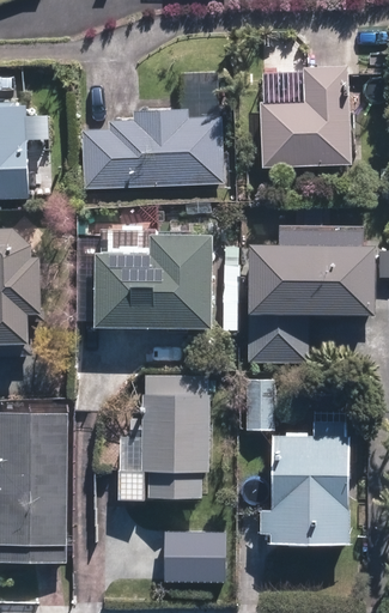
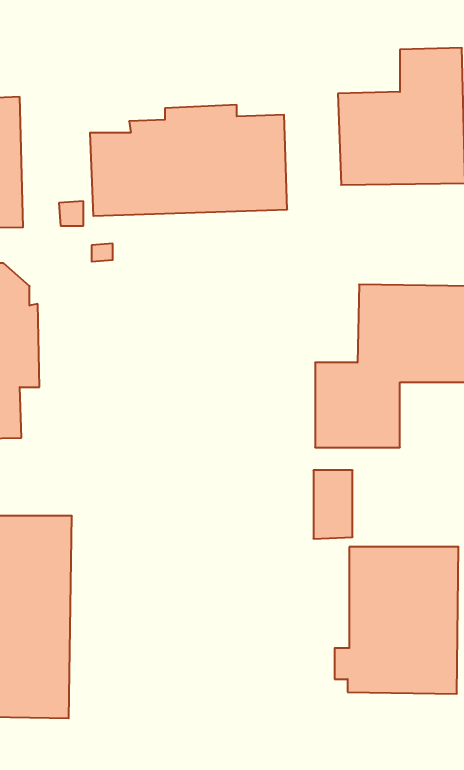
building: [95,230,215,326] -> none
building: [126,372,208,494] -> none
building: [163,535,208,582] -> none

